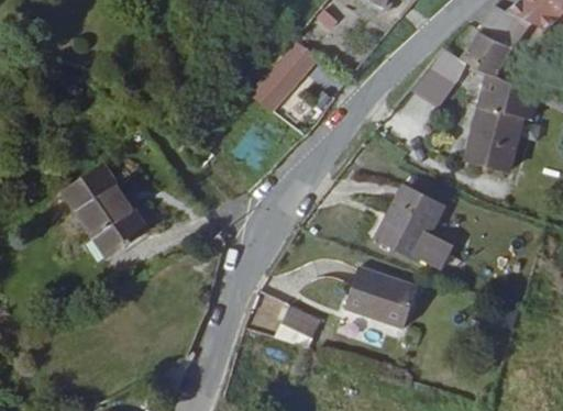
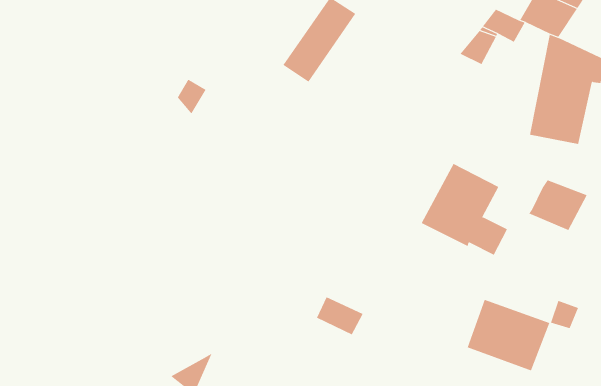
building: [60,162,136,251] -> none
building: none -> [529,179,587,231]
building: [343,267,417,331] -> [467,299,550,371]

